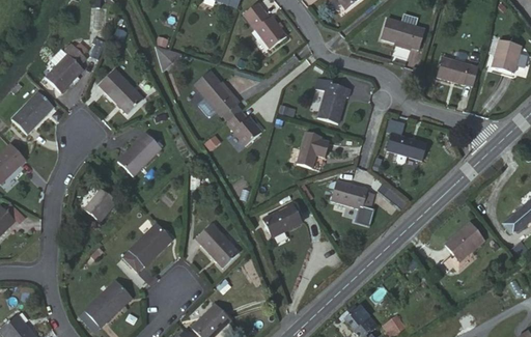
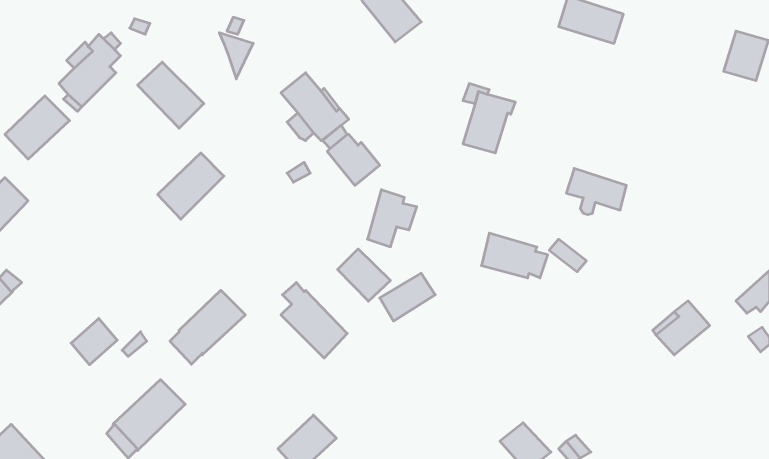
building: [435,59,479,89] -> none
building: [297,133,330,171] -> [367,190,417,247]
building: [83,187,114,218] -> [71,318,117,365]
building: none -> [338,249,390,301]

